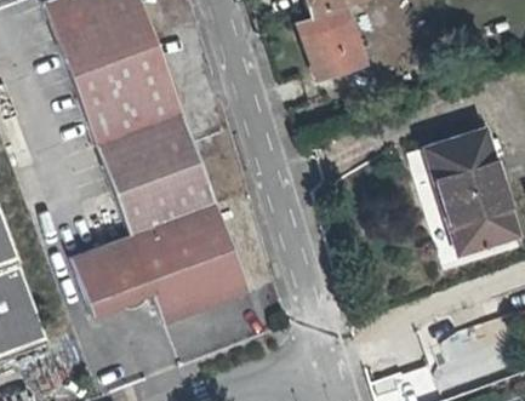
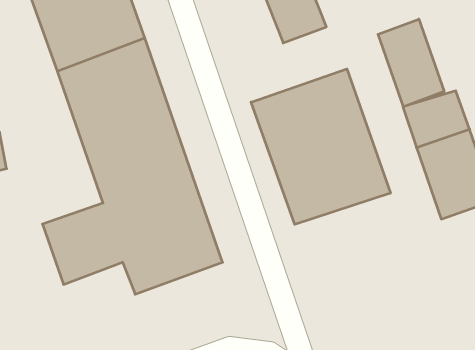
building: none -> [378,19,444,107]
building: none -> [251,69,390,224]

